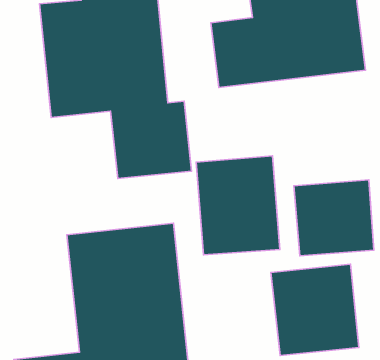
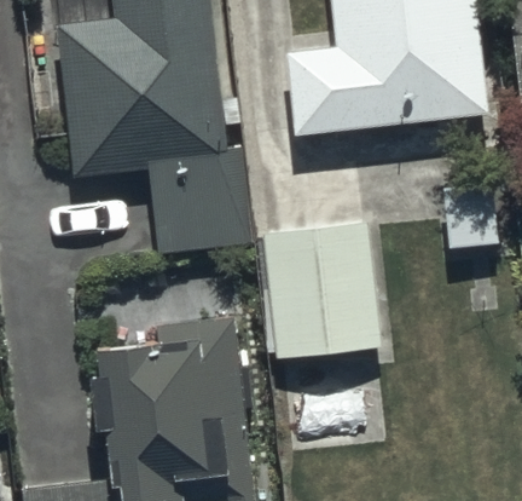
building: [294,180,374,256] -> none
building: [271,264,359,356] -> none

